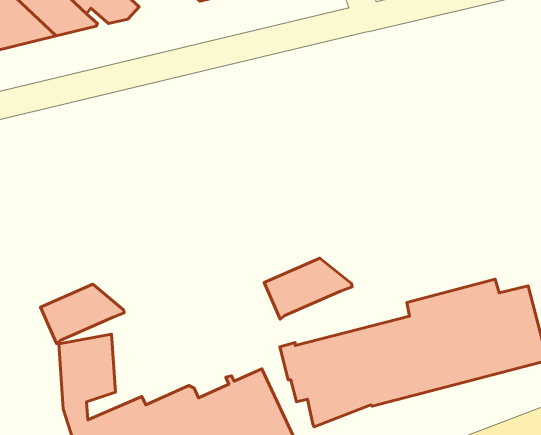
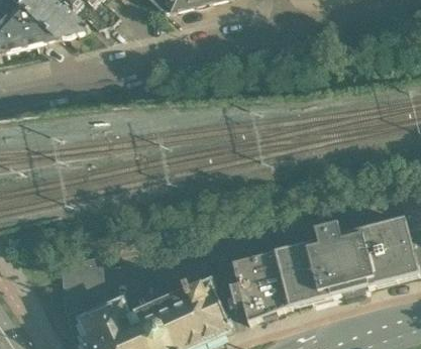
building: [264,258,352,319] -> none
building: [40,284,124,343] -> none

